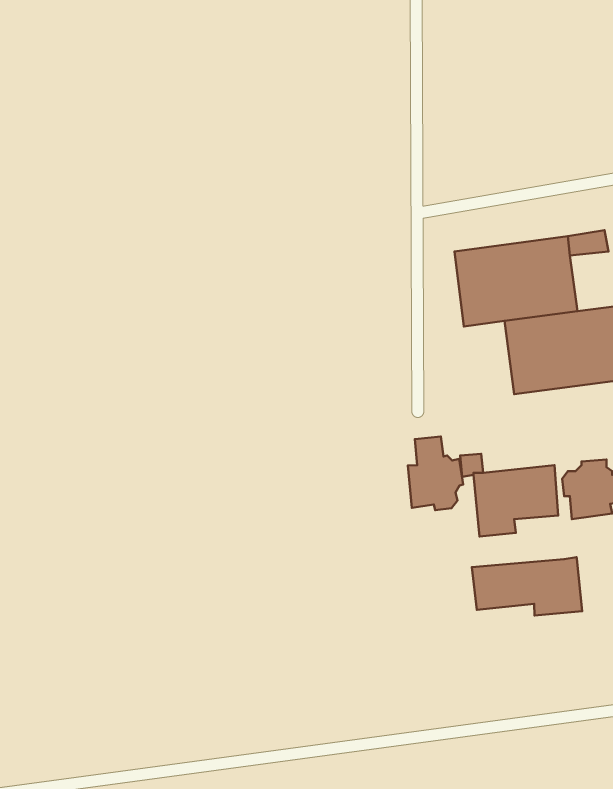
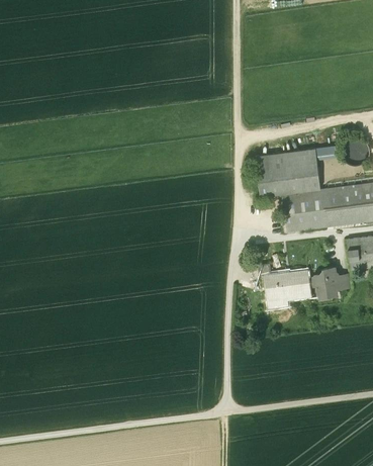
building: [408,437,463,510] -> none
building: [472,557,582,616] -> none

